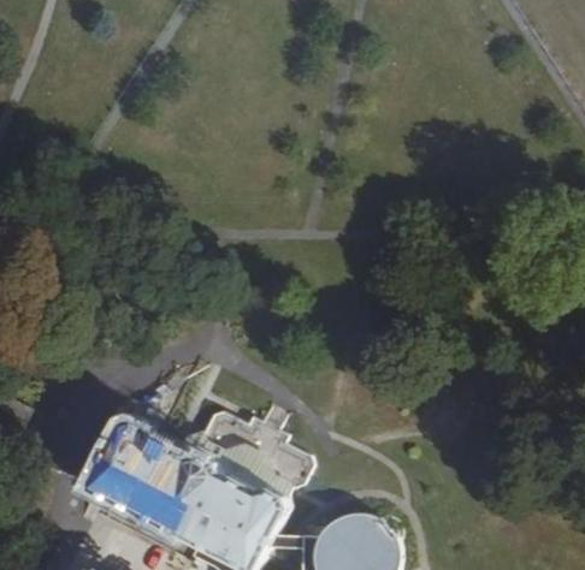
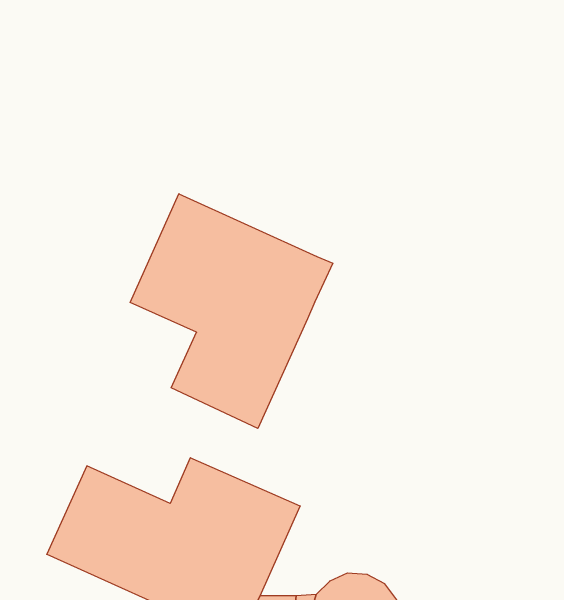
building: none -> [130,194,333,428]

